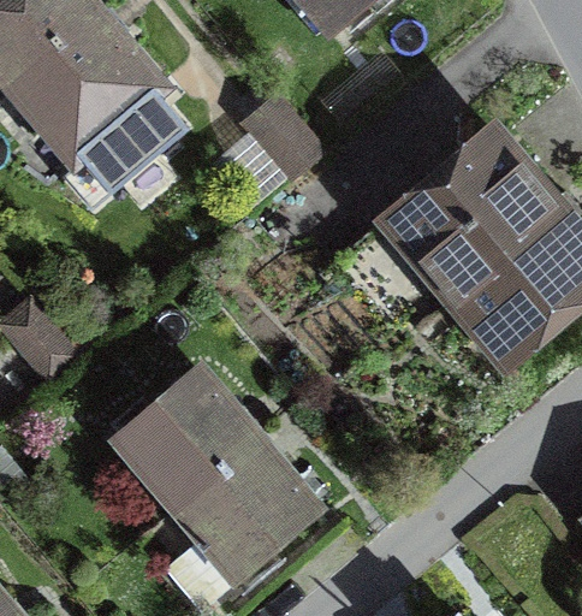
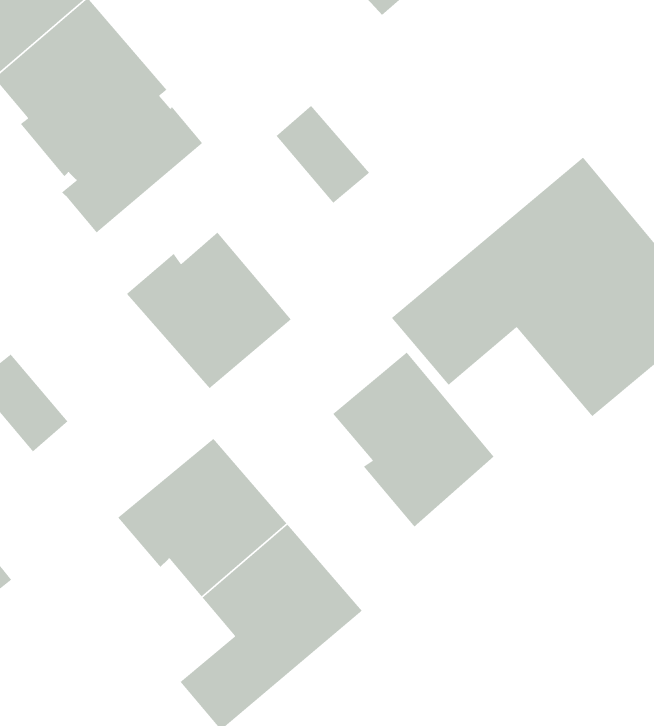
building: none -> [126,232,292,389]
building: none -> [332,351,495,527]

